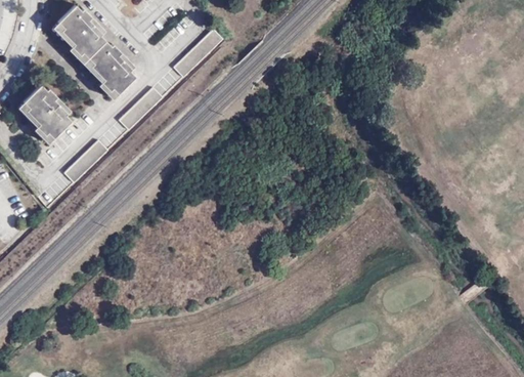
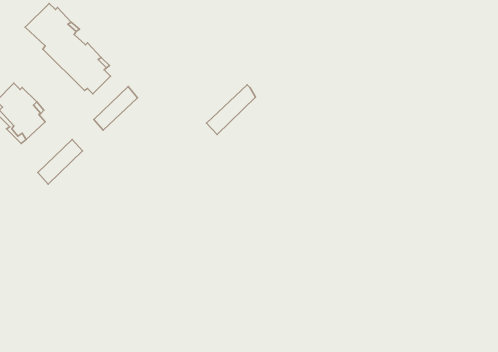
building: [173,29,221,78] -> [207,85,255,135]

